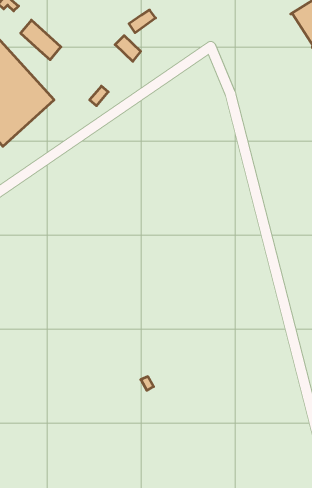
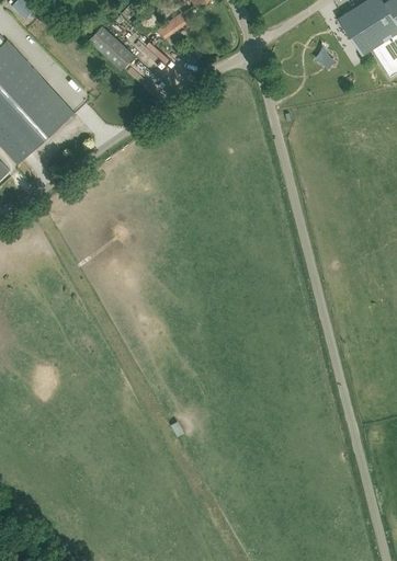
building: [21,20,61,60] -> [89,25,134,69]

